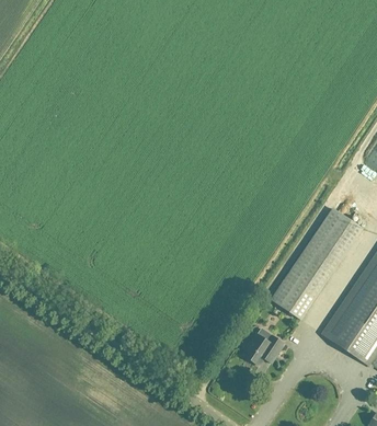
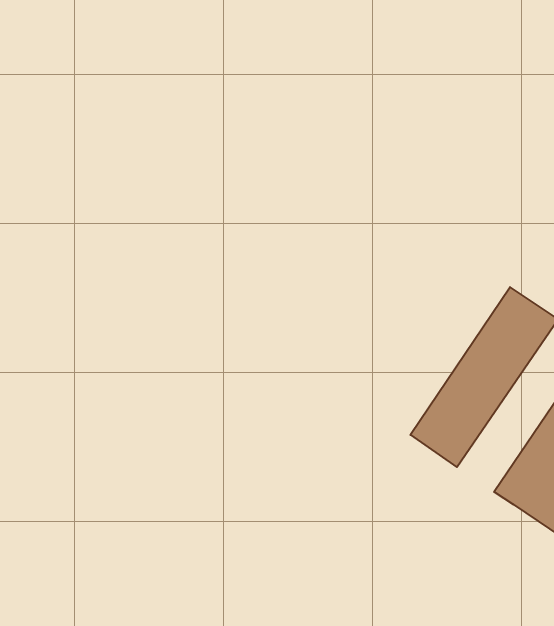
building: [239,333,281,365] -> none

